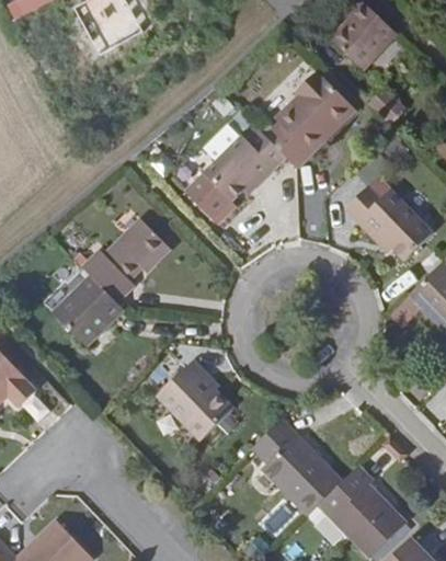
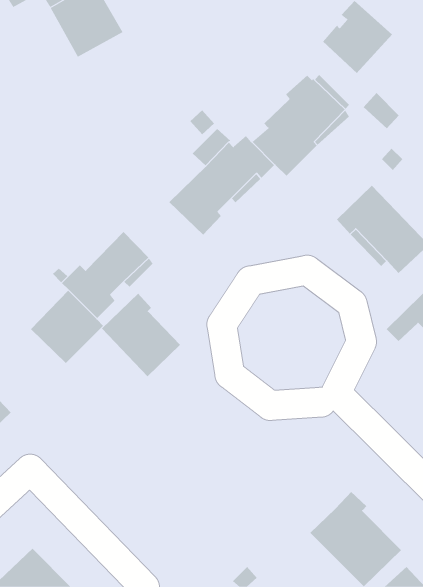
building: [158,360,233,440] -> [101,293,181,377]
building: [253,420,343,516] -> none

